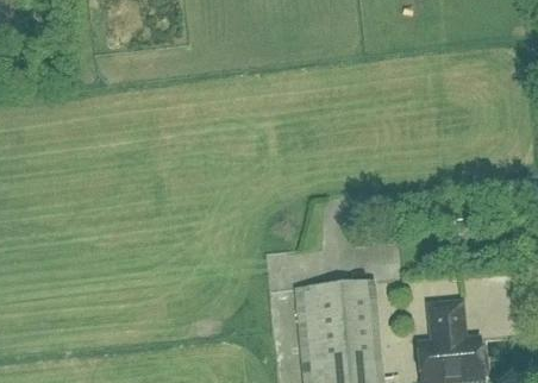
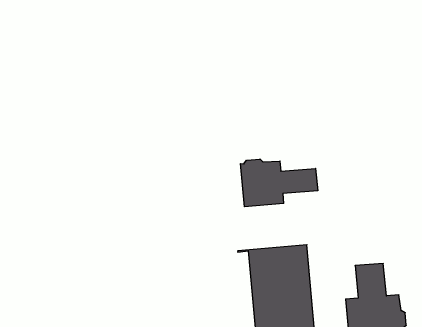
building: none -> [240,159,318,207]

